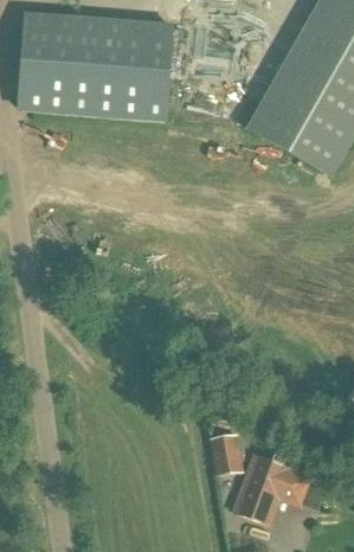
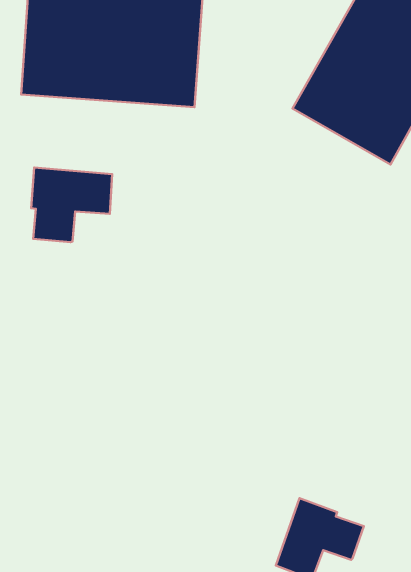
building: none -> [31,167,112,242]
building: [208,432,244,476] -> none

